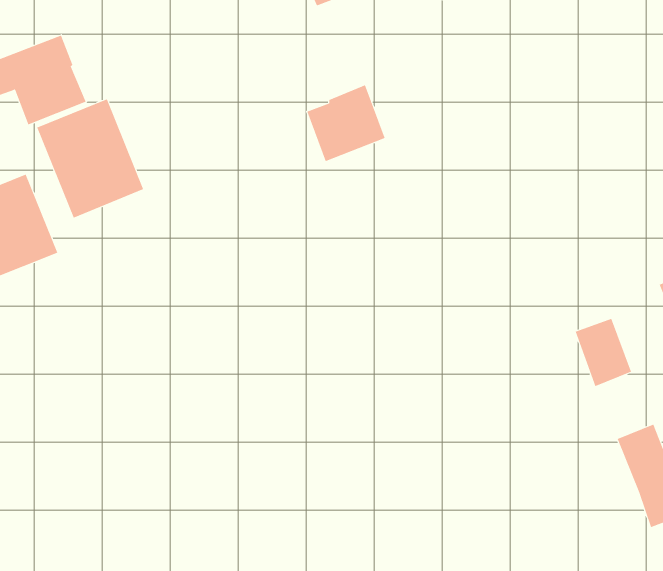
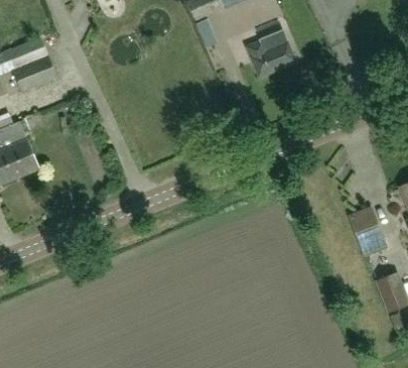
building: [307,85,386,162] -> [248,30,295,77]
building: [36,98,144,218] -> none

